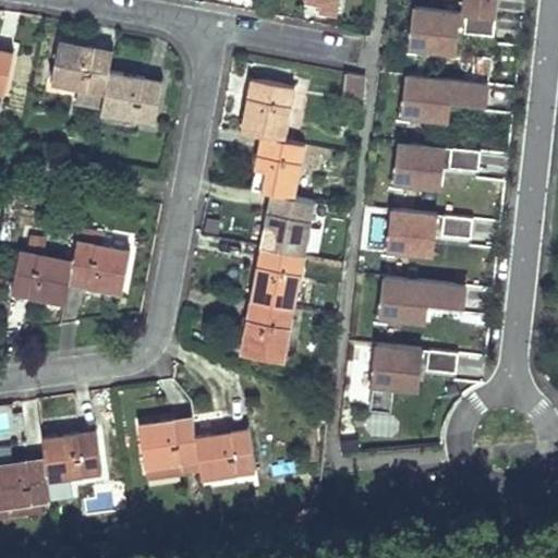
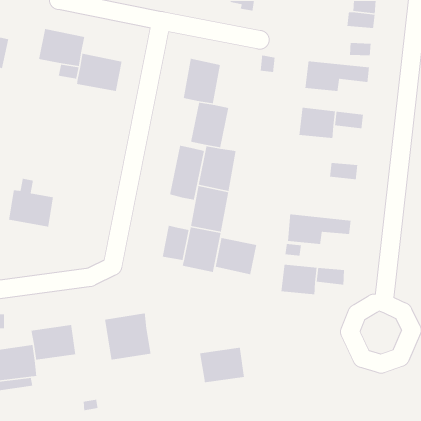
building: [410,12,459,54] -> none
building: none -> [169,145,205,201]
building: [386,210,436,253] -> none
building: [68,231,129,293] -> none
building: none -> [162,225,189,261]
building: none -> [215,237,257,275]
building: [194,427,254,475] -> [199,347,245,383]

